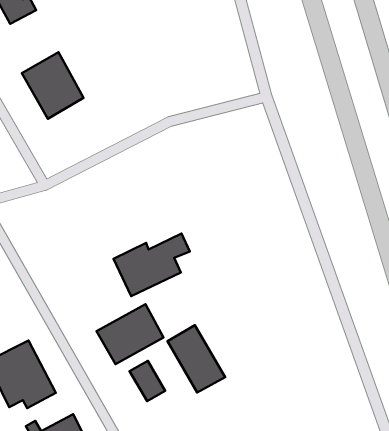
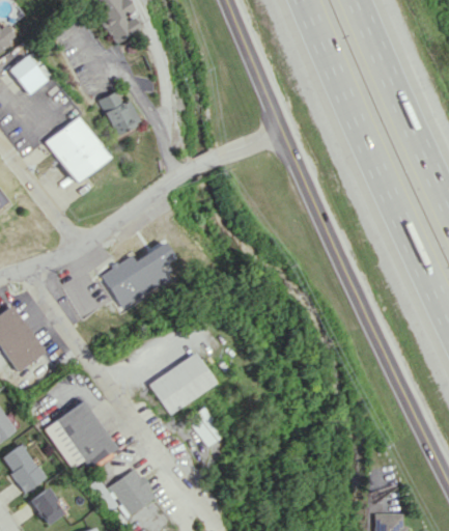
building: none -> [99,92,139,135]
building: [113,233,190,296] -> [101,242,174,309]
building: [168,325,225,393] -> none

